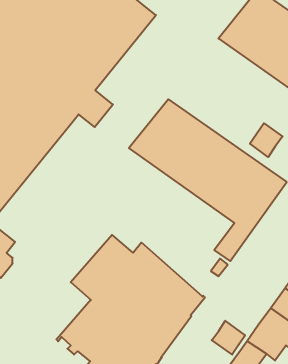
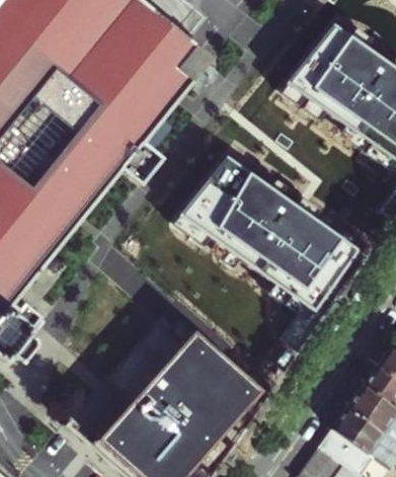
building: [250,123,283,157] -> none
building: [212,321,245,355] -> none

